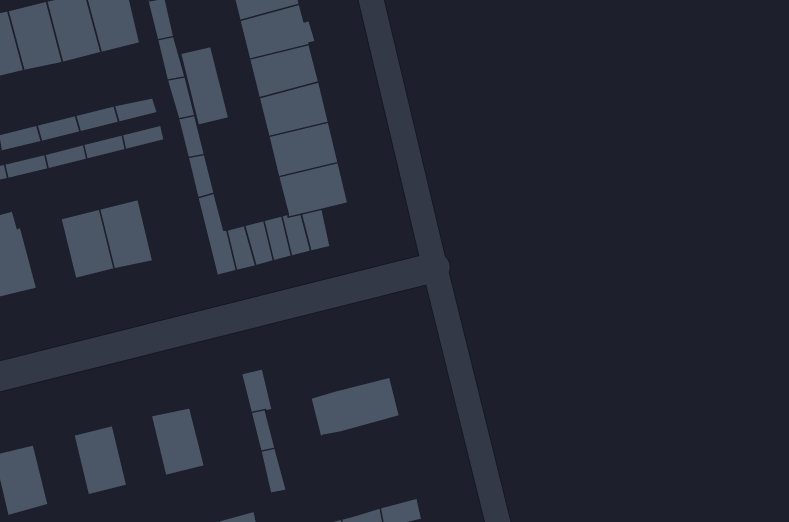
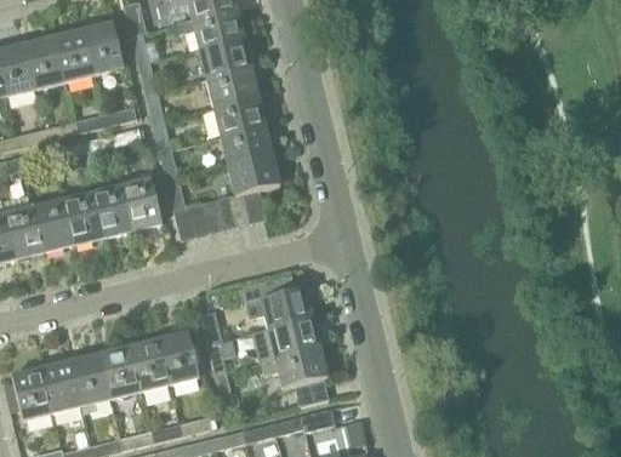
building: [180,46,229,125] -> none
building: none -> [121,176,163,229]
building: none -> [33,198,74,250]
building: none -> [245,289,310,327]
building: none -> [160,332,199,383]
building: none -> [102,345,142,398]
building: none -> [261,345,327,405]
building: none -> [42,360,84,412]

